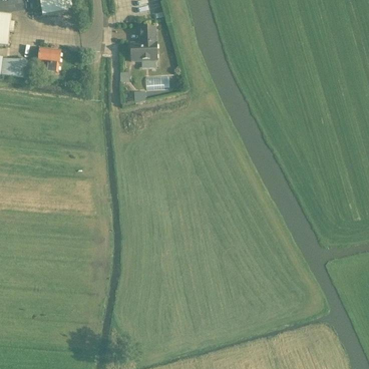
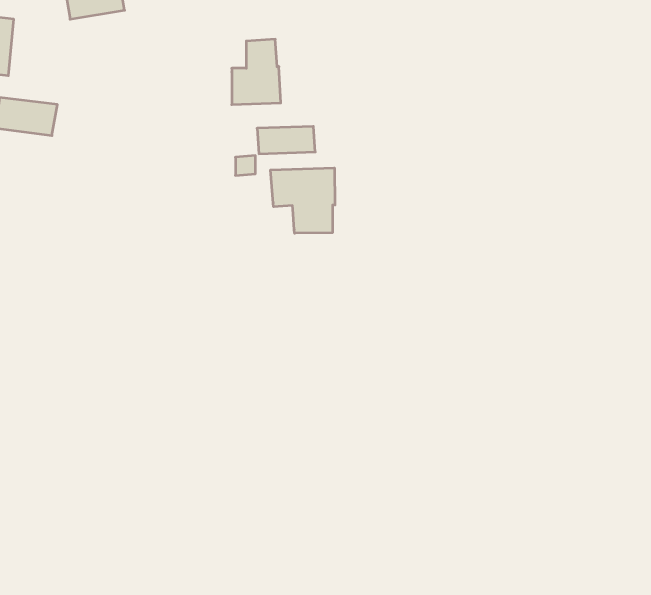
building: [37,47,59,71] -> none
building: none -> [271,168,335,233]

